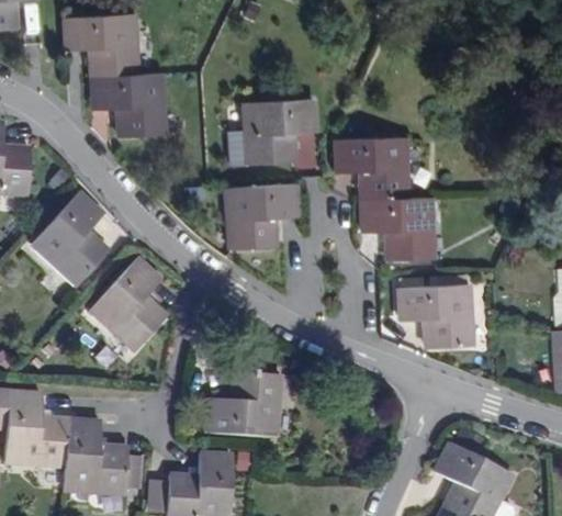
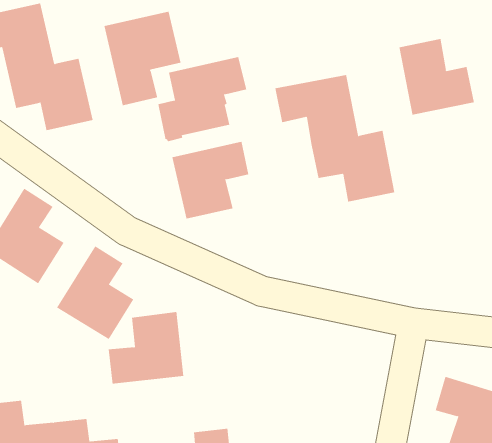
building: none -> [104,11,181,106]
building: none -> [399,38,475,115]
building: [402,282,473,347] -> none
building: [207,371,282,436] -> [108,312,184,384]

